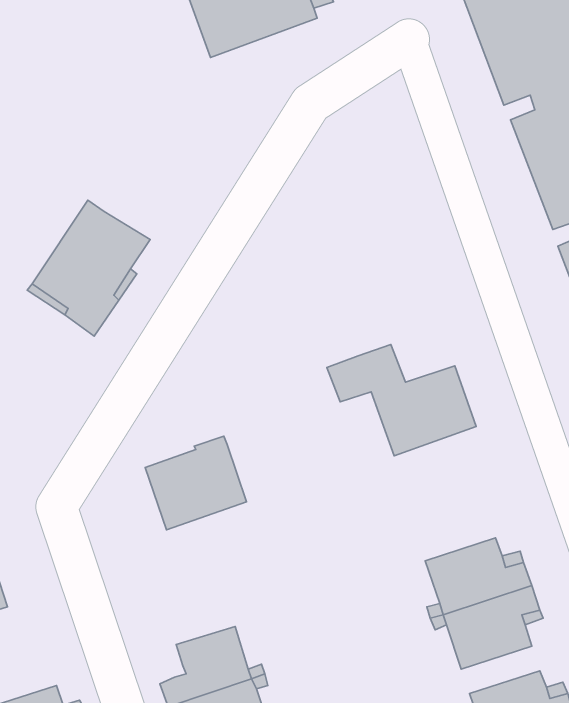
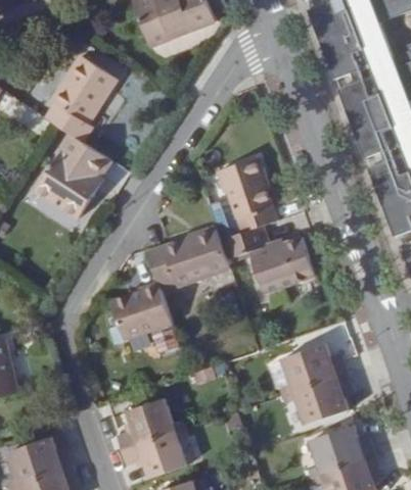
building: none -> [46,58,117,142]
building: none -> [217,158,275,232]
building: none -> [147,227,228,287]

